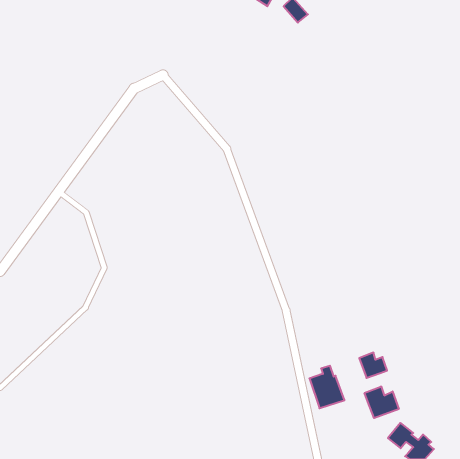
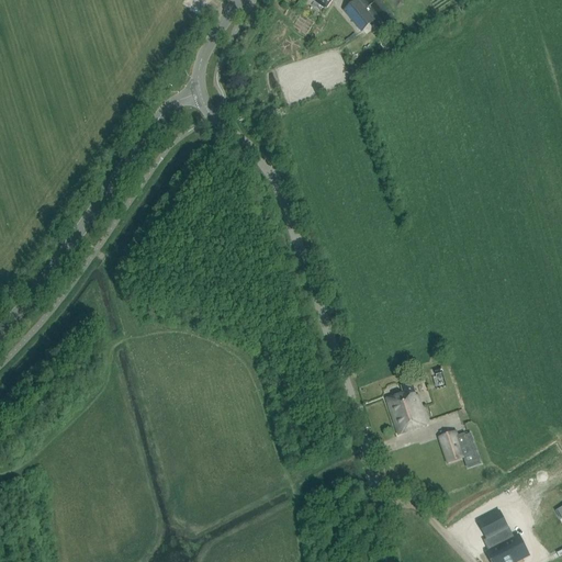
building: [309,366,345,408] -> [385,381,428,432]
building: [365,386,399,418] -> none

